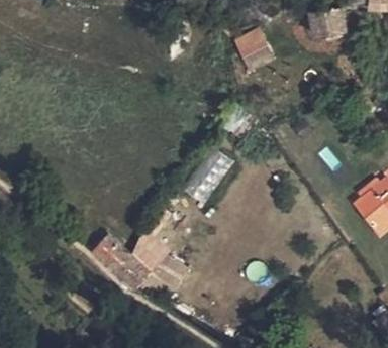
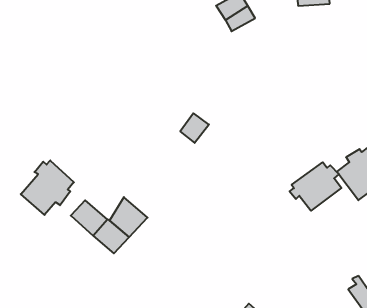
building: none -> [21,160,74,215]
building: none -> [290,162,341,211]

